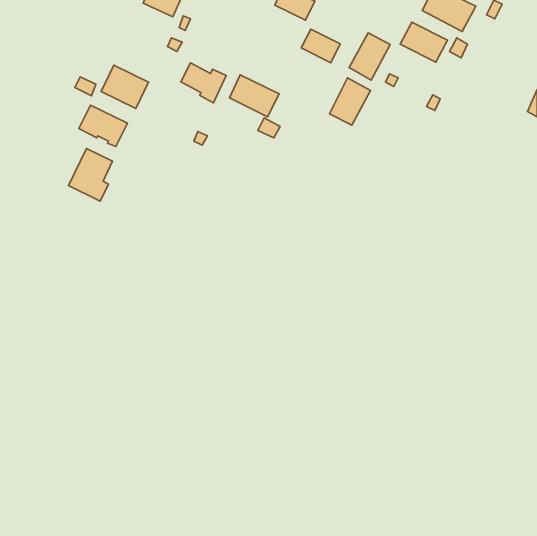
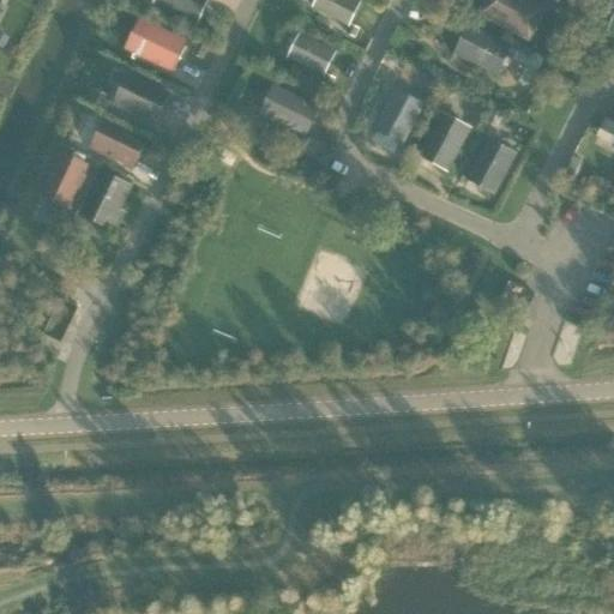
building: [301,29,340,63] -> [289,34,333,72]
building: [349,33,390,80] -> [421,114,468,168]
building: [181,63,226,103] -> [136,25,187,71]
building: none -> [466,138,513,192]
building: none -> [41,154,89,209]

